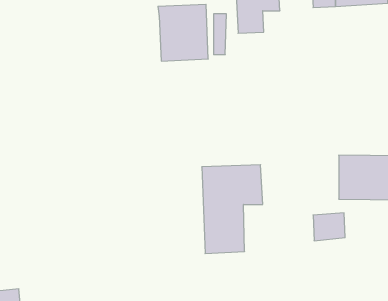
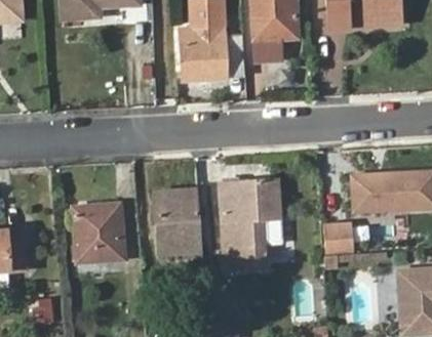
building: none -> [153,188,201,255]
building: none -> [73,204,123,260]

